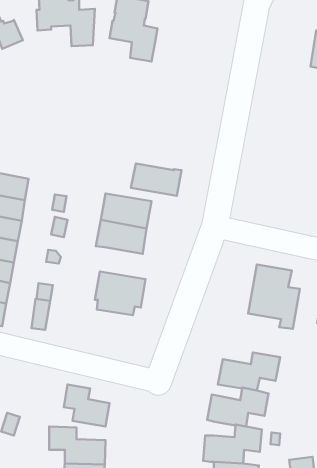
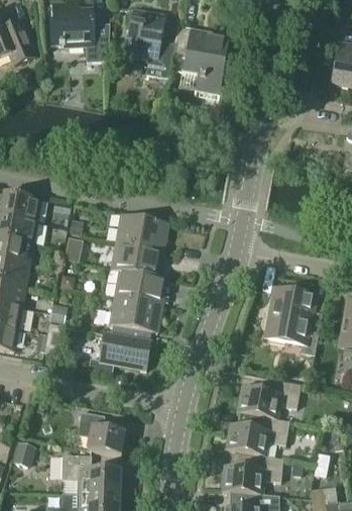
building: none -> [172,24,235,97]
building: [131,163,182,196] -> [115,269,167,302]
building: none -> [89,331,151,373]

